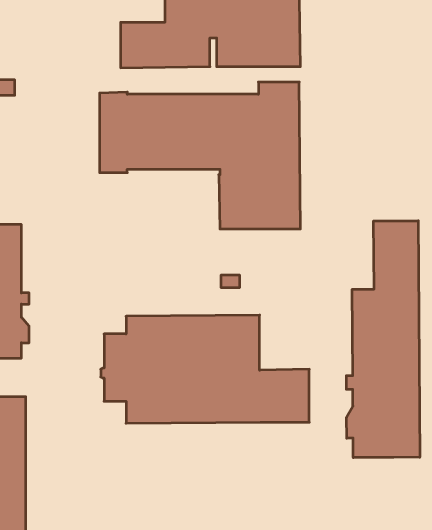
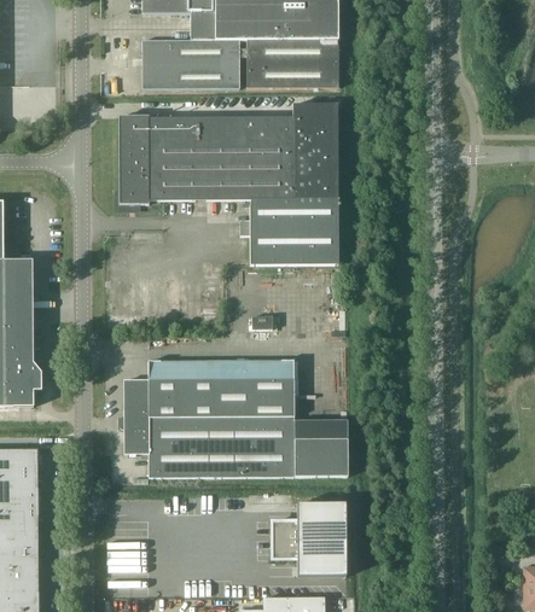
building: [346,221,420,458] -> none
building: none -> [272,502,345,575]

